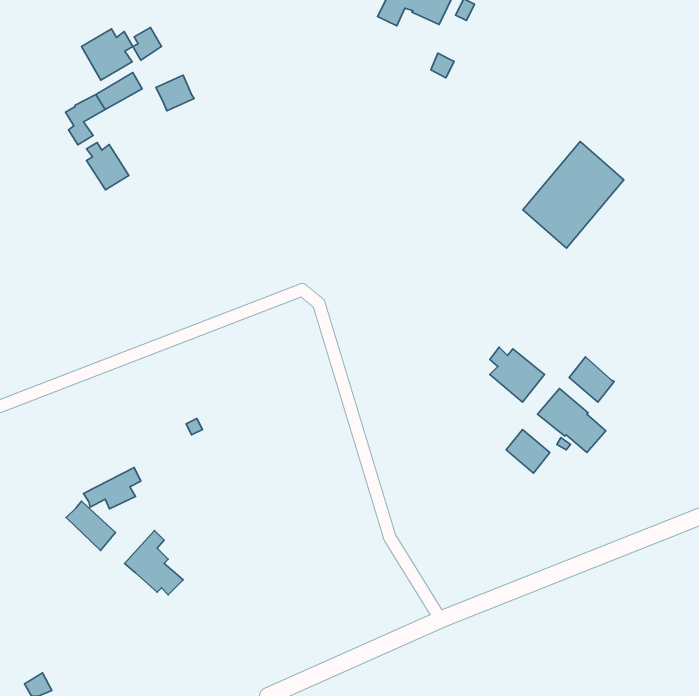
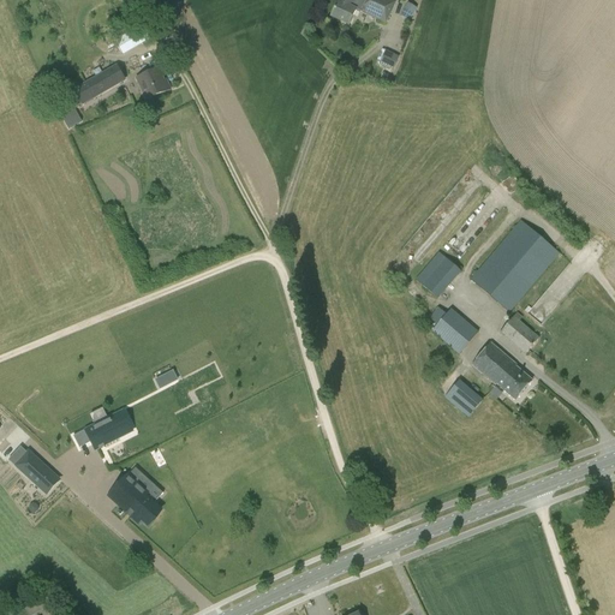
building: [82,29,133,80] -> none
building: [523,142,624,248] -> [471,217,560,311]
building: [86,143,129,190] -> none
building: none -> [416,250,461,297]
building: [66,501,116,550] -> [7,443,50,486]

